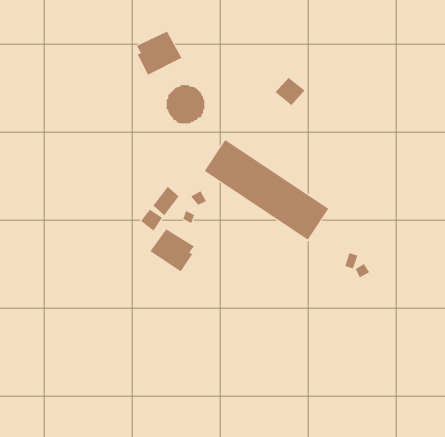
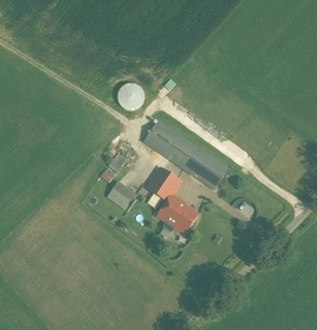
building: [136,31,182,76] -> none
building: none -> [148,166,197,231]

